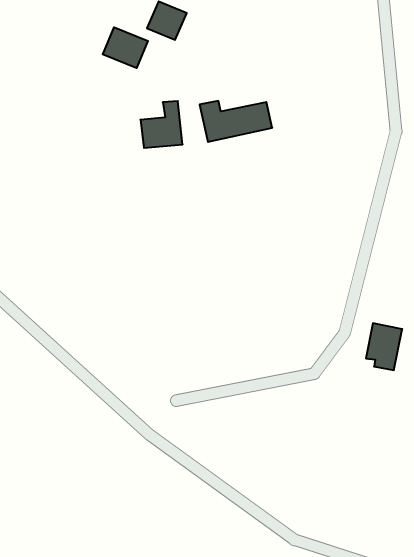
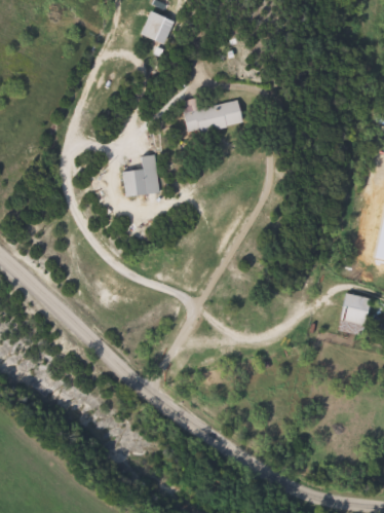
building: [103,27,148,68] -> none
building: [140,101,183,148] -> [126,154,163,195]

